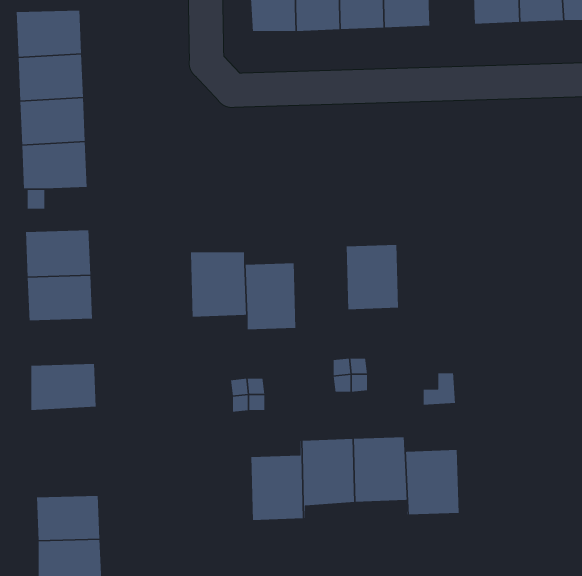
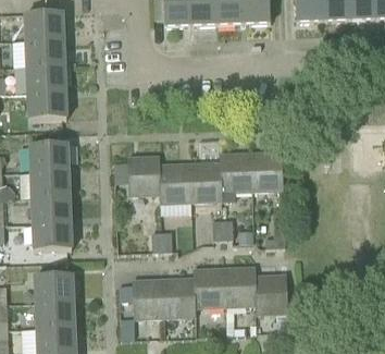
building: none -> [250,150,283,190]
building: none -> [189,152,221,202]
building: none -> [32,196,71,223]
building: none -> [35,273,73,302]
building: none -> [132,278,164,317]

